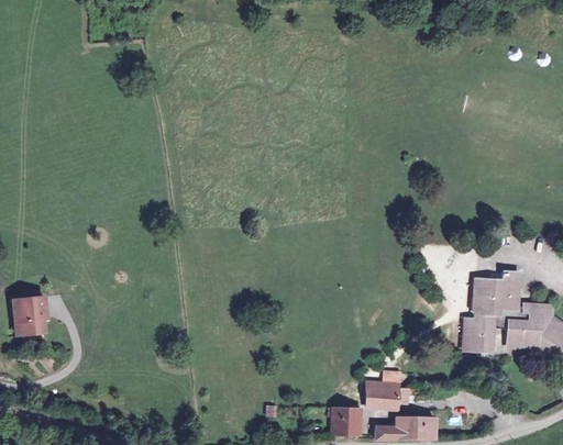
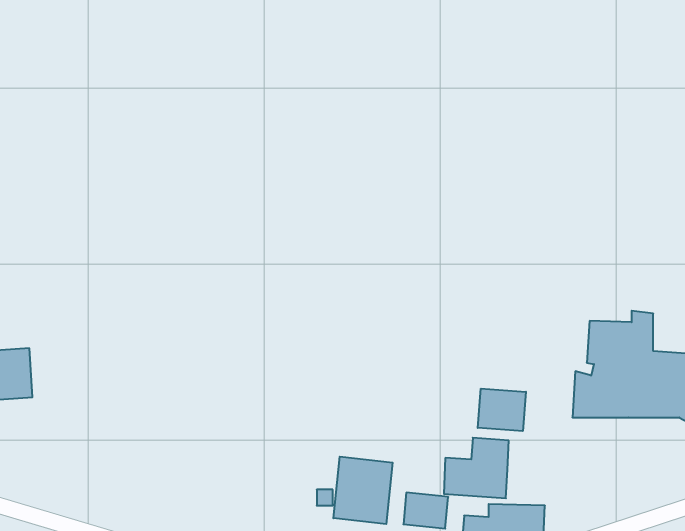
building: none -> [478,389,526,431]
building: none -> [333,457,393,524]

